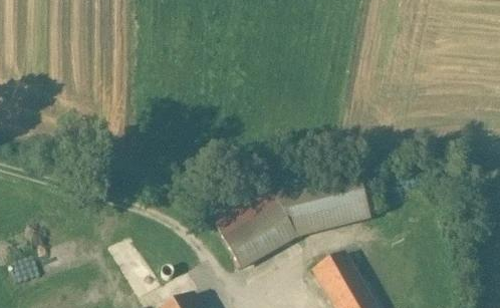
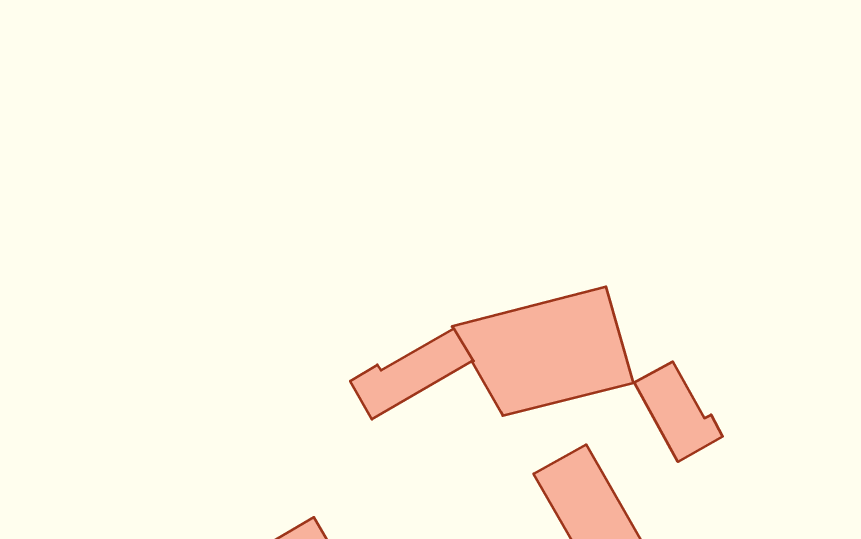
building: [223,206,294,266] -> none
building: none -> [633,362,723,462]

